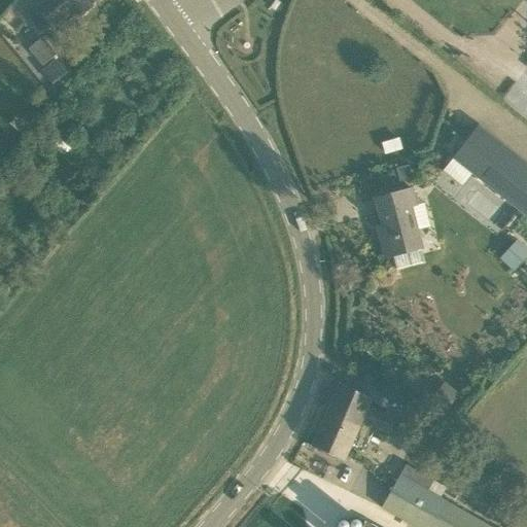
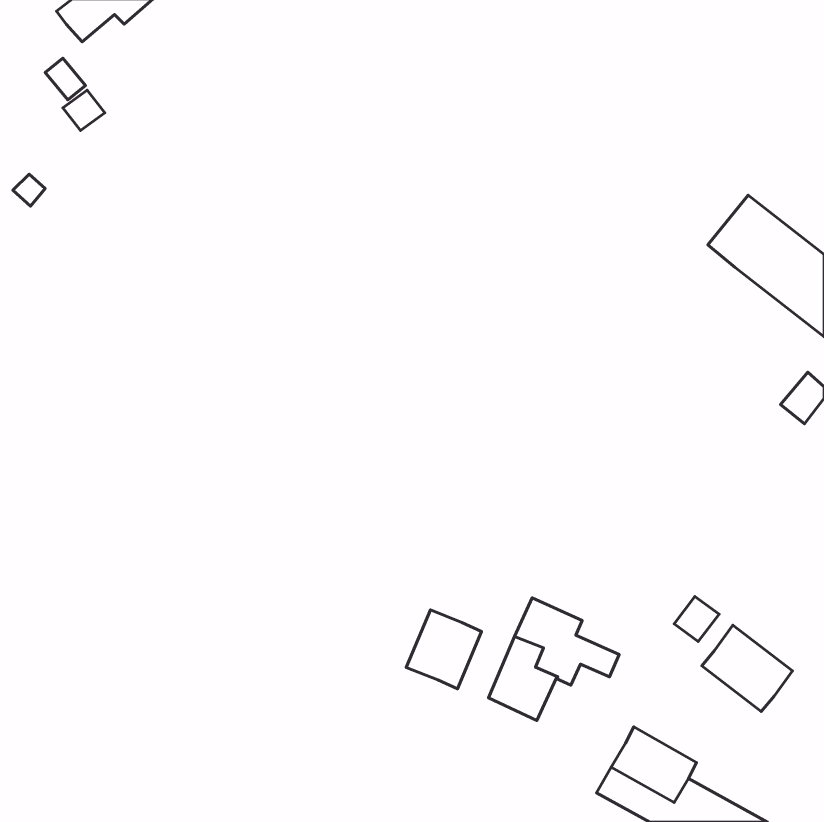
building: [375,187,423,268] -> none
building: none -> [406,610,482,689]
building: none -> [702,625,793,711]

